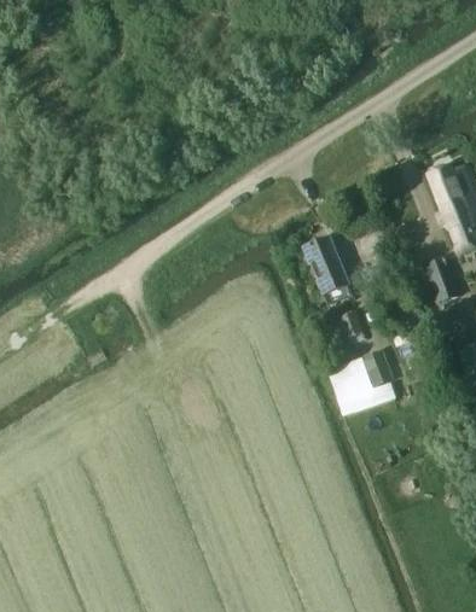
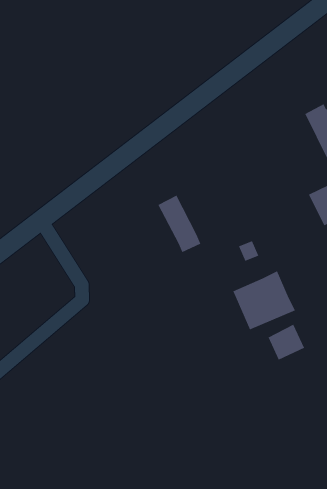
building: [306,238,352,304] -> [158,195,201,253]
building: none -> [268,324,305,360]

